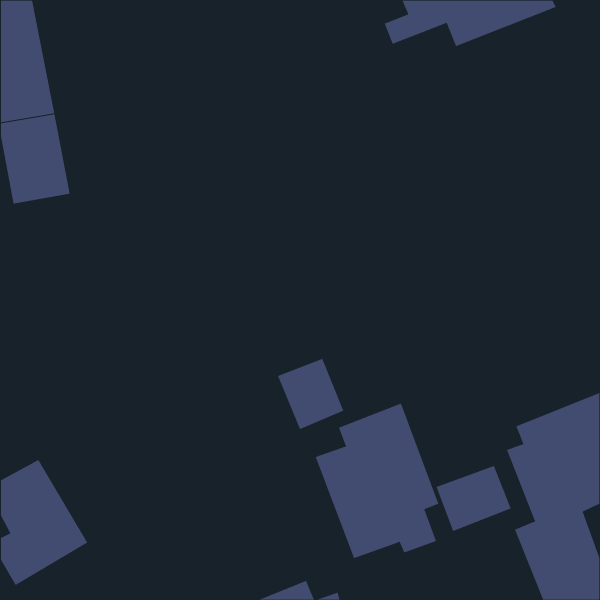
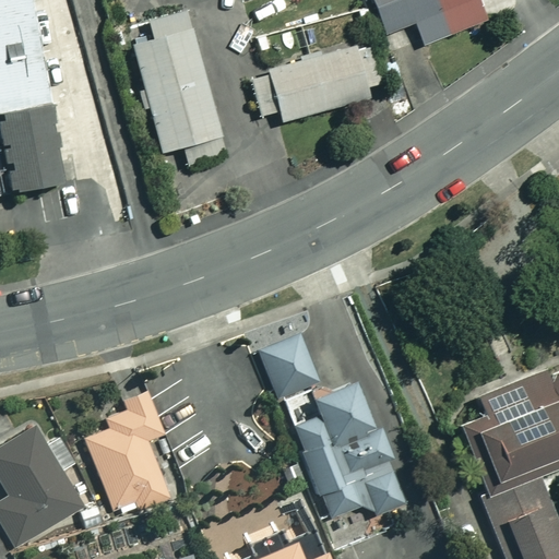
building: none -> [132,11,226,165]
building: none -> [251,46,382,121]
building: none -> [85,391,168,509]
building: [436,465,511,532] -> none

